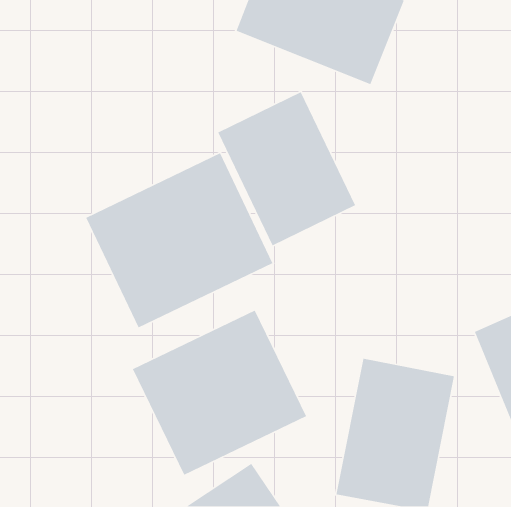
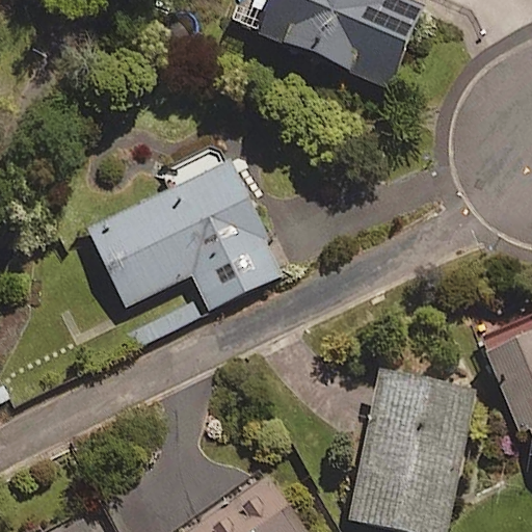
building: [217,91,356,246] -> none
building: [132,309,307,476] -> none

